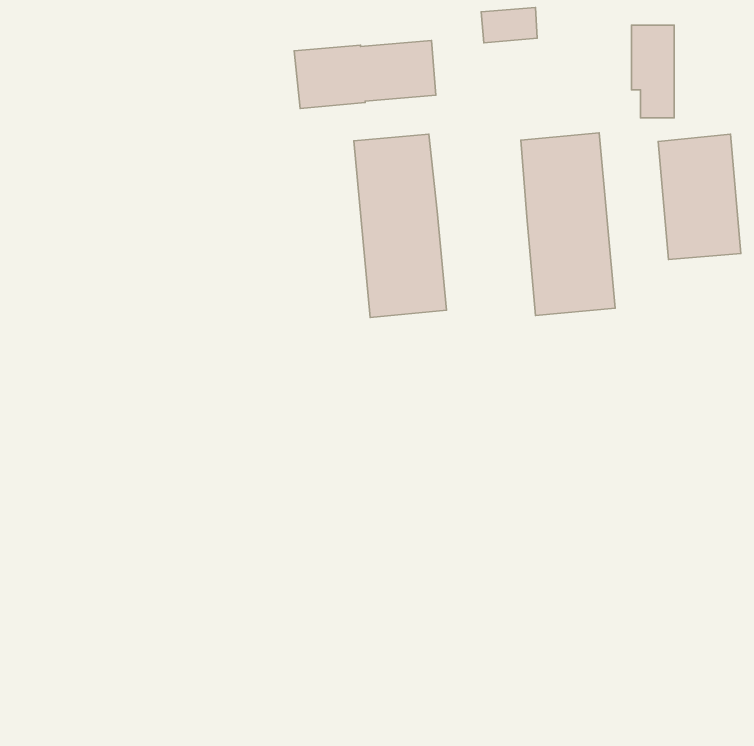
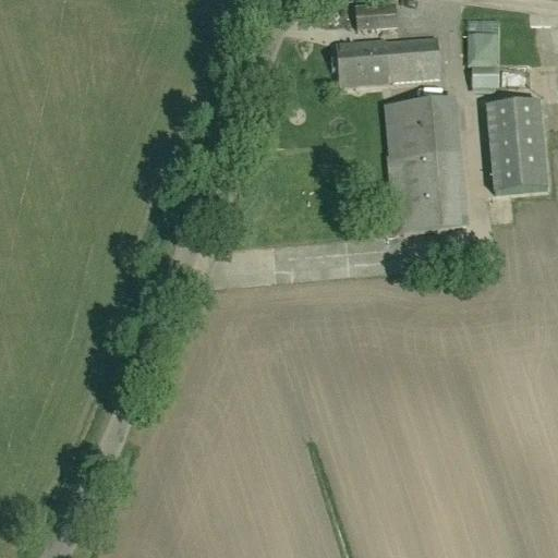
building: [294,41,436,108] -> [336,36,440,86]
building: [354,134,447,317] -> none

